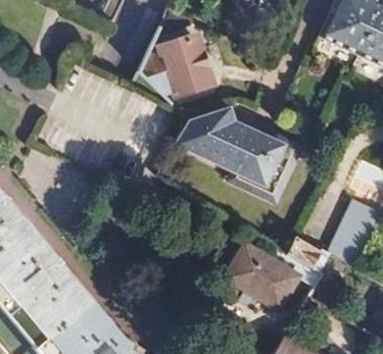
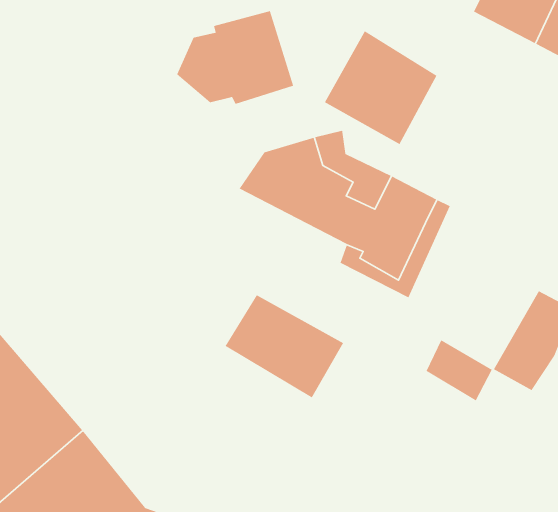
building: none -> [324,30,437,145]
building: [230,242,302,305] -> [224,294,344,399]

